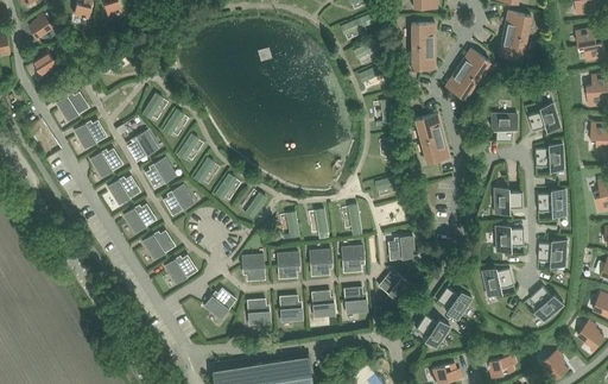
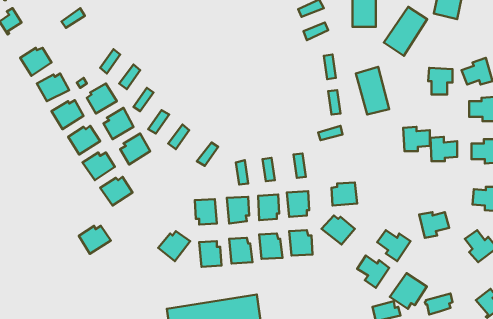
building: [495,225,524,251] -> [403,127,430,151]
building: [164,254,198,284] -> [79,226,111,254]
building: none -> [390,273,427,309]

